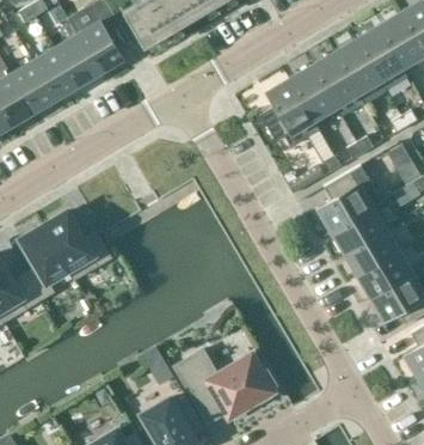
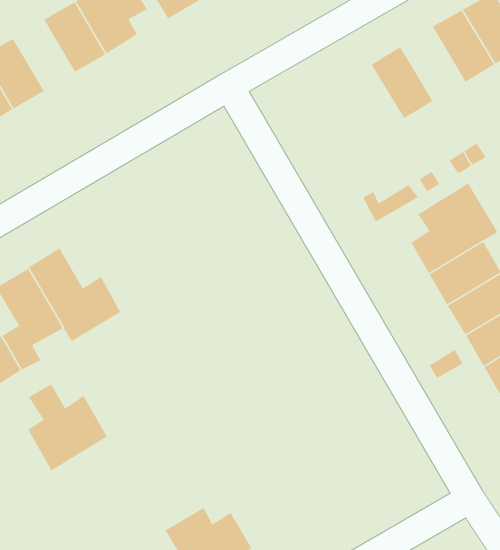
building: [32,48,76,99] -> none
building: [311,53,363,117] -> none
building: [259,80,319,147] -> none
building: none -> [27,383,108,472]
building: [173,350,275,423] -> none

